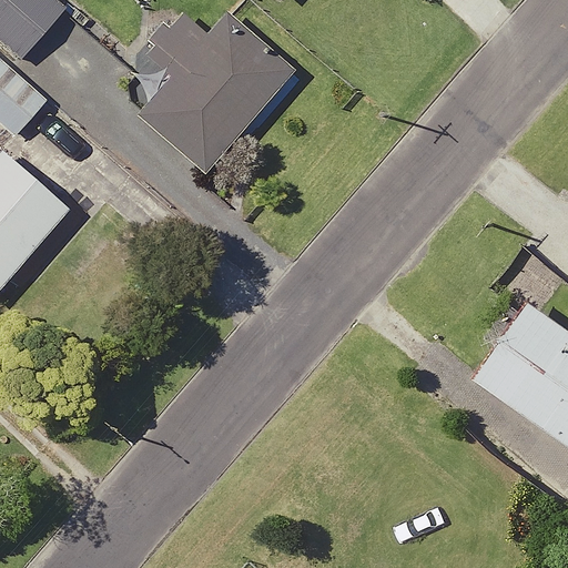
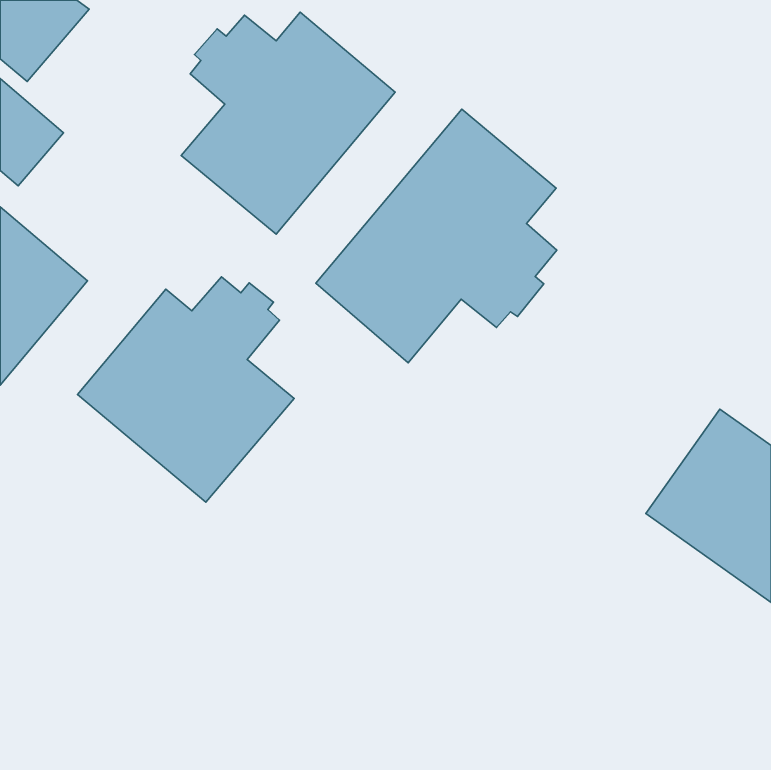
building: none -> [316,109,557,363]
building: none -> [78,277,294,502]

